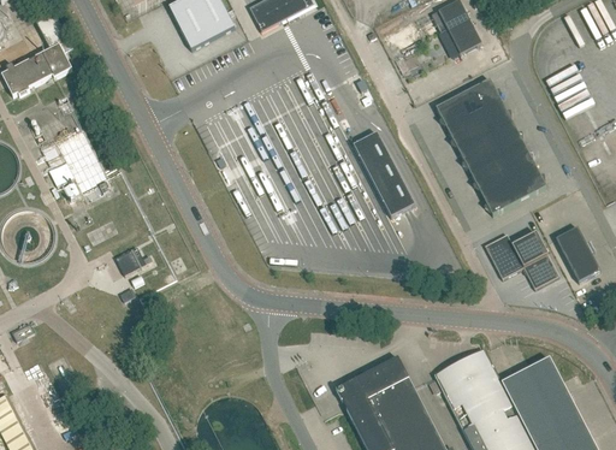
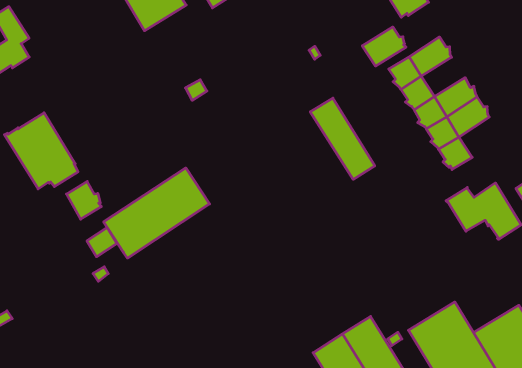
building: [467,99,511,137] -> [362,27,406,66]
building: [500,162,545,202] -> none
building: none -> [104,168,210,258]
building: none -> [66,181,101,219]

